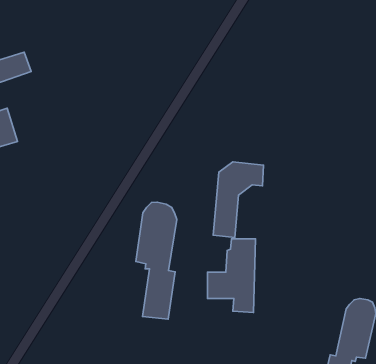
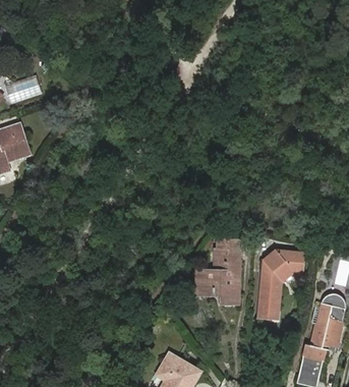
building: [213,162,264,238] -> [257,251,302,318]
building: [136,202,177,319] -> none

